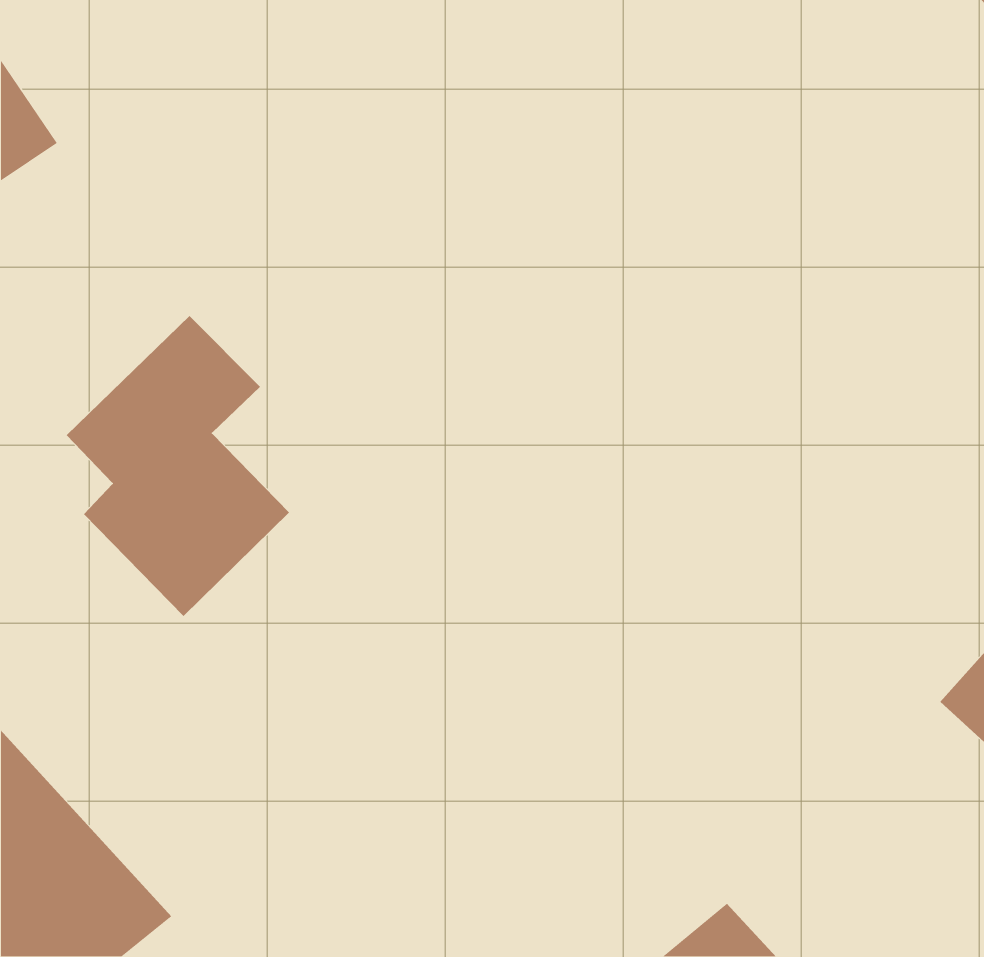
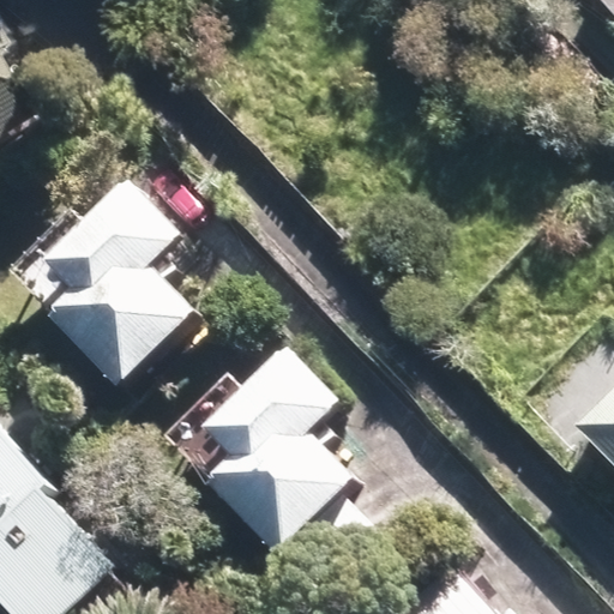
building: none -> [195,357,343,544]

